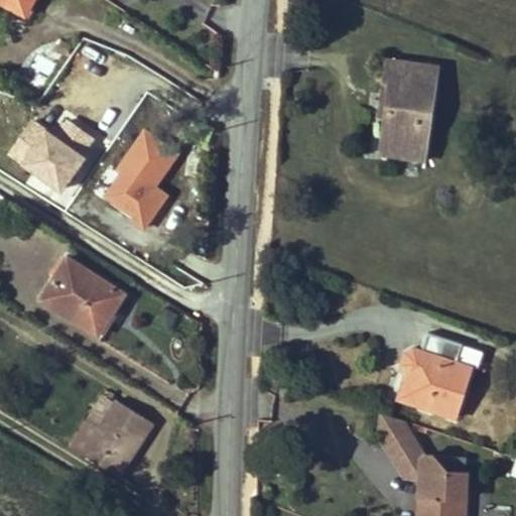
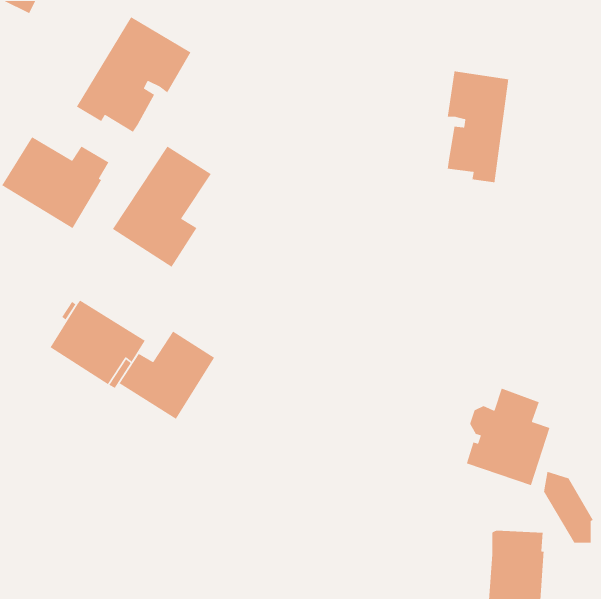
building: none -> [76,16,192,133]
building: [71,401,153,478] -> [119,331,215,420]
building: [380,414,423,477] -> [543,471,594,544]

